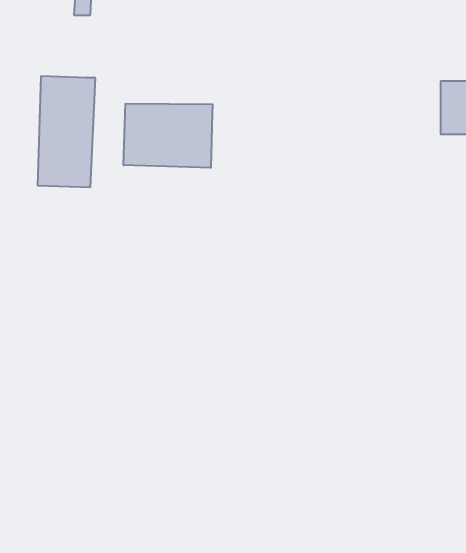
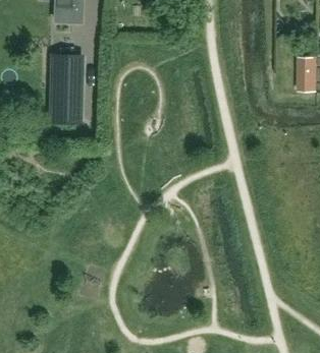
building: [124,104,213,168] -> none

